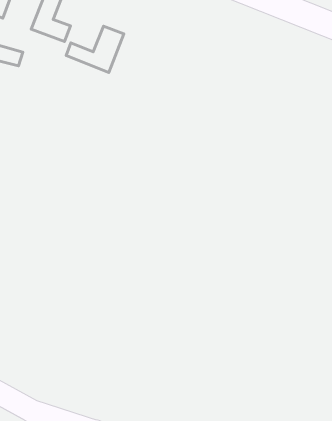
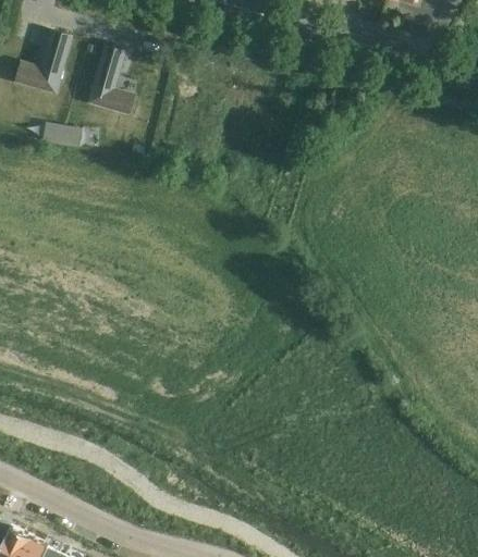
building: [66,26,124,72] -> none

